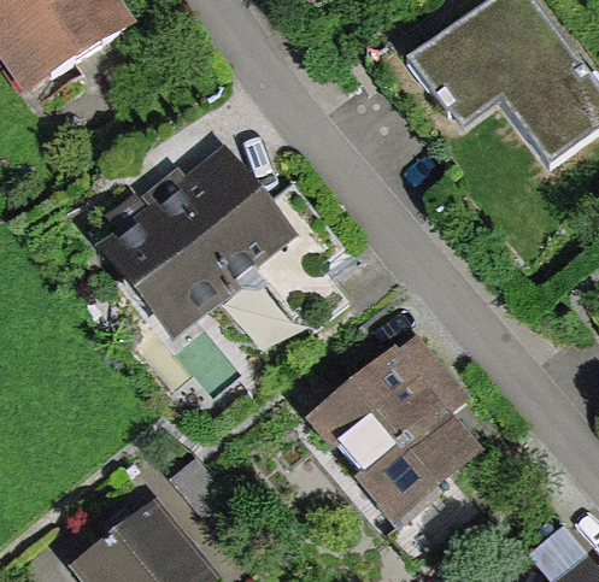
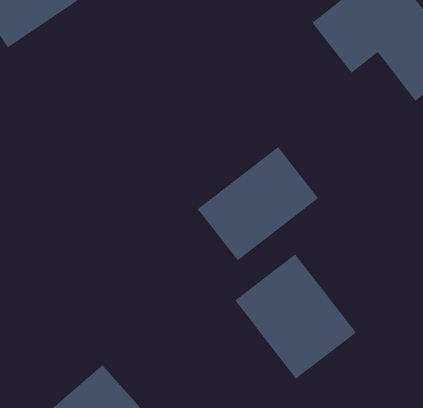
building: [102,152,289,335] -> none
building: none -> [197,146,319,261]

